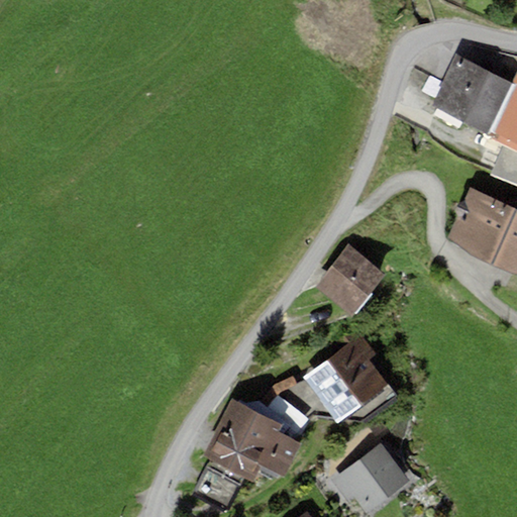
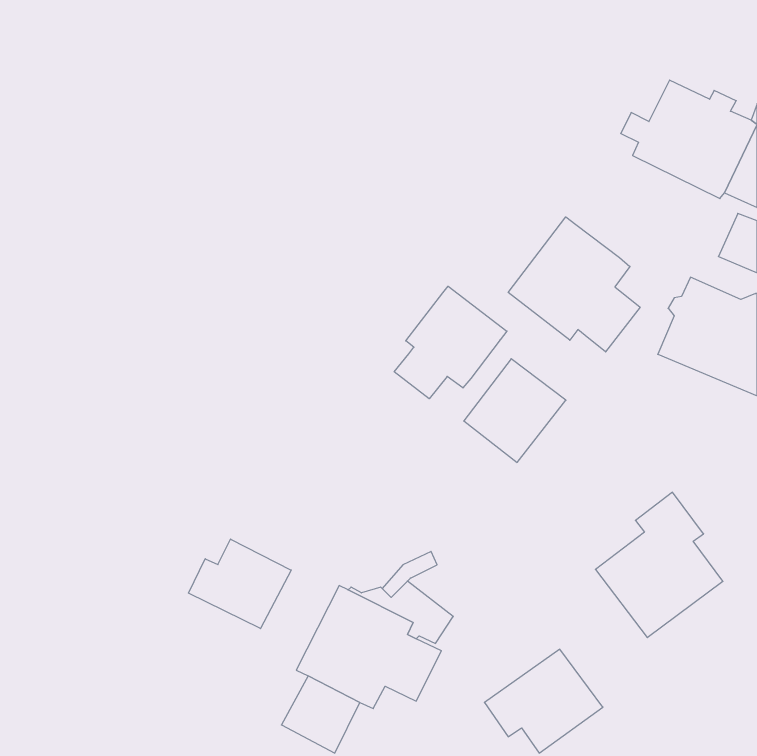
building: none -> [508,217,640,352]
building: none -> [394,286,507,399]
building: [302,326,389,425] -> [595,492,723,638]
building: none -> [189,539,291,629]

